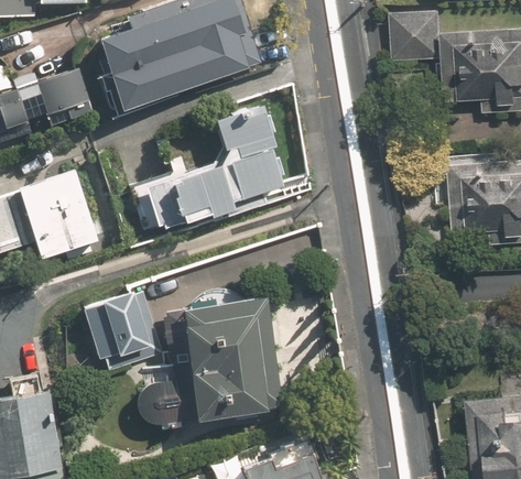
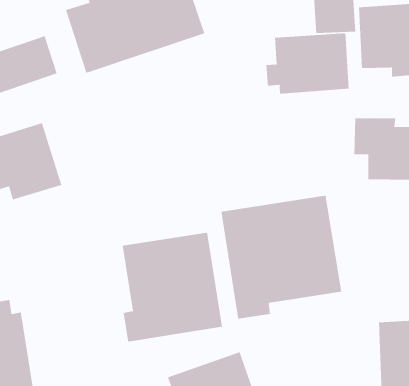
building: none -> [266,32,349,94]
building: [129,102,284,230] -> none
building: none -> [221,195,342,320]
building: [83,290,161,369] -> none

